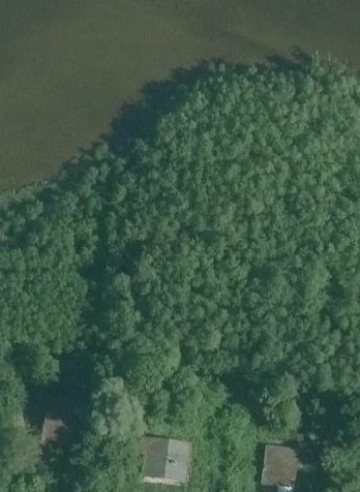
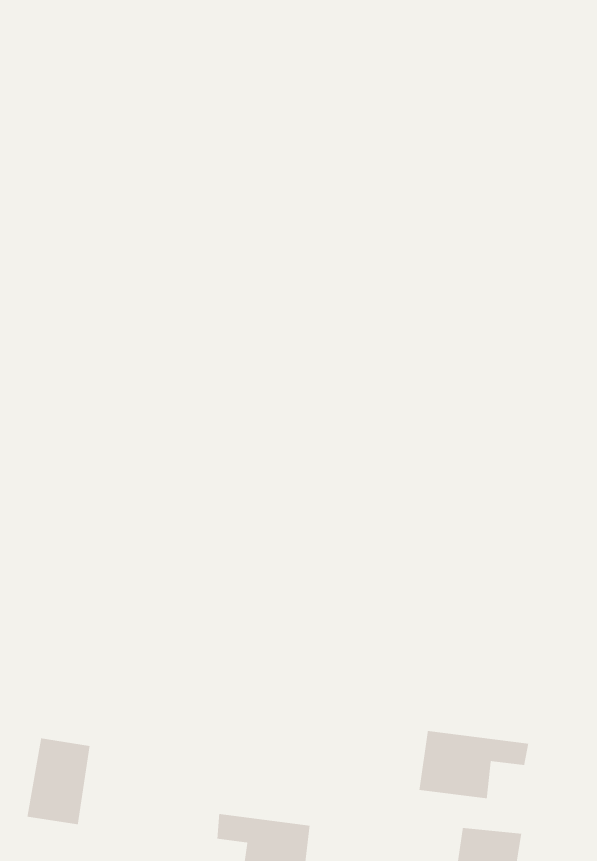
building: none -> [419,730,529,799]

